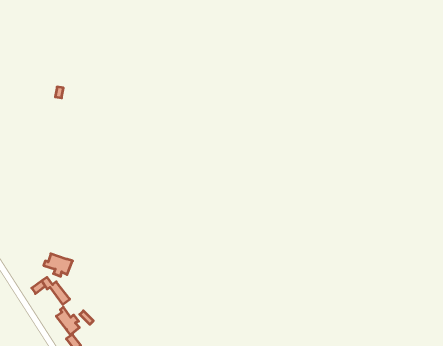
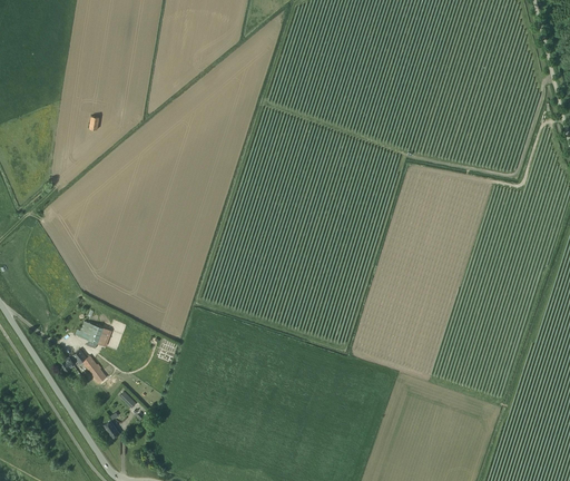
building: [56,307,79,335] -> none

